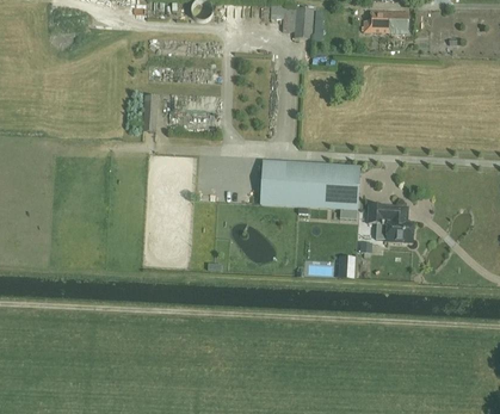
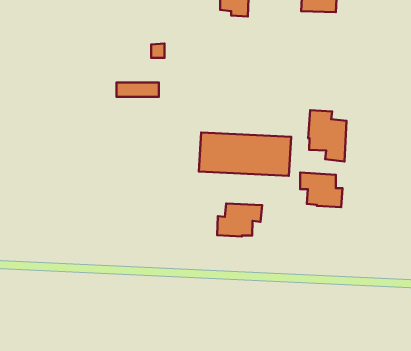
building: none -> [308,110,347,162]
building: none -> [217,203,262,237]

